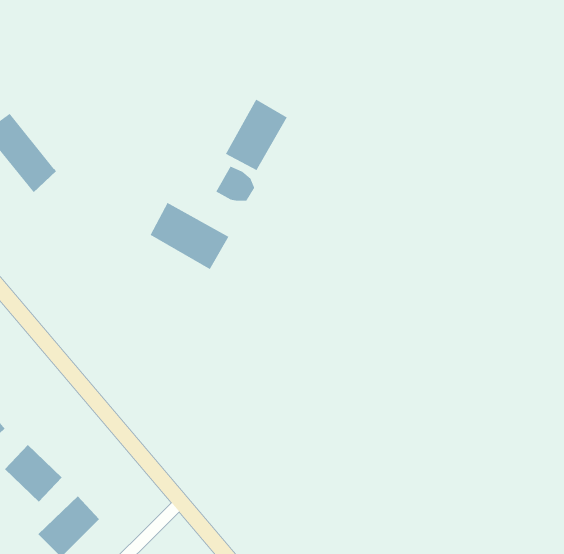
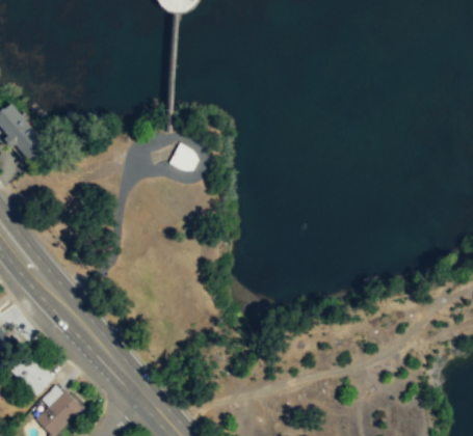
building: [225,99,288,171] -> none
building: [149,202,230,270] -> none

